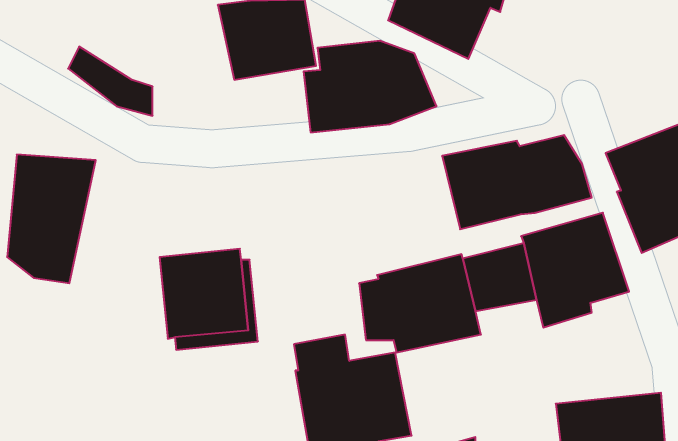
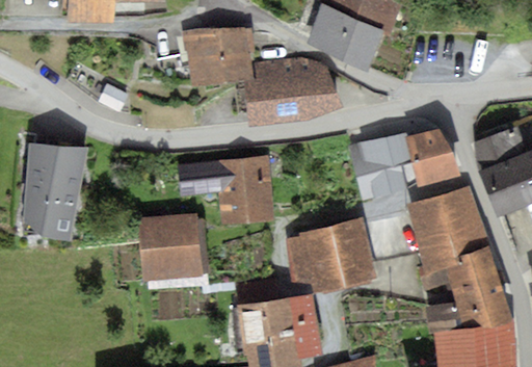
building: none -> [177,155,274,225]
building: none -> [419,246,512,331]

